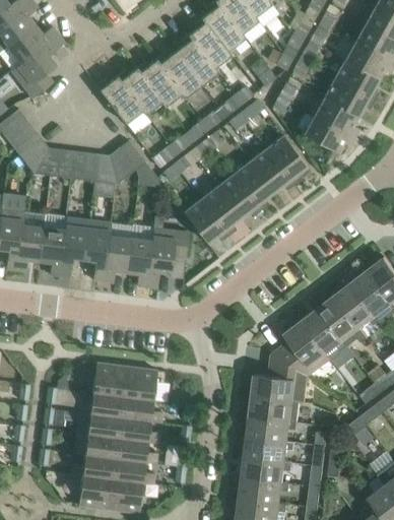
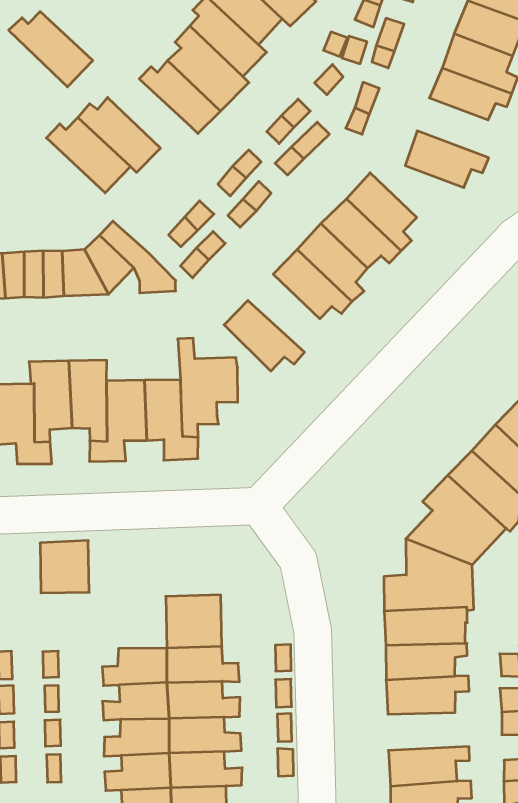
building: [136,59,183,106] -> [9,12,93,87]
building: [315,96,358,137] -> none
building: [200,186,241,235] -> none
building: [92,363,125,396] -> [40,541,89,593]
building: [242,455,291,480] -> none

